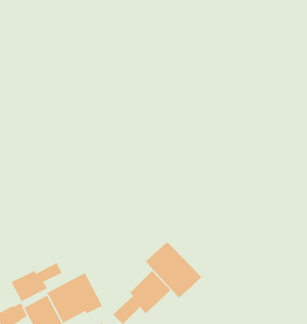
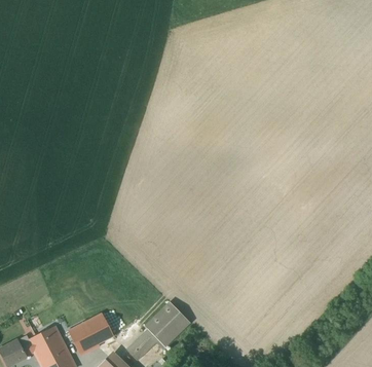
building: [144,242,202,299] -> none
building: [11,262,63,302] -> none

